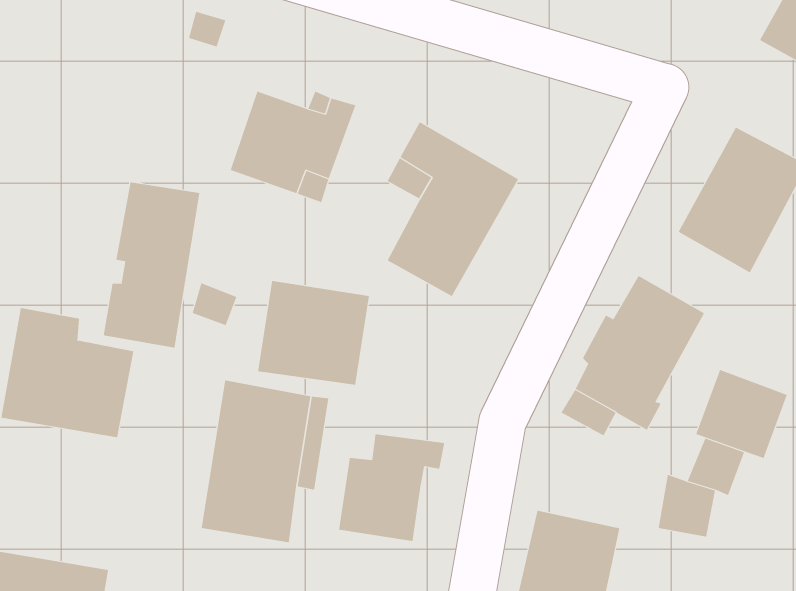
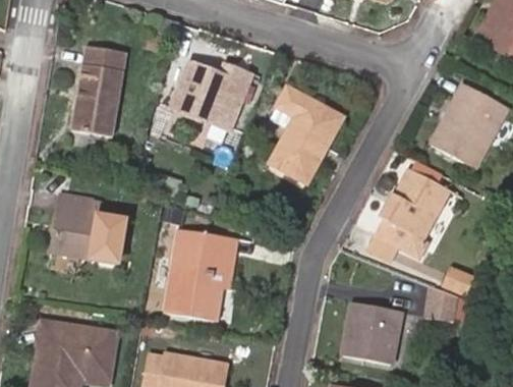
building: [103,182,200,348] -> [71,44,126,137]
building: [257,280,369,385] -> none
building: [695,369,788,459] -> none
building: [339,433,445,542] -> none

